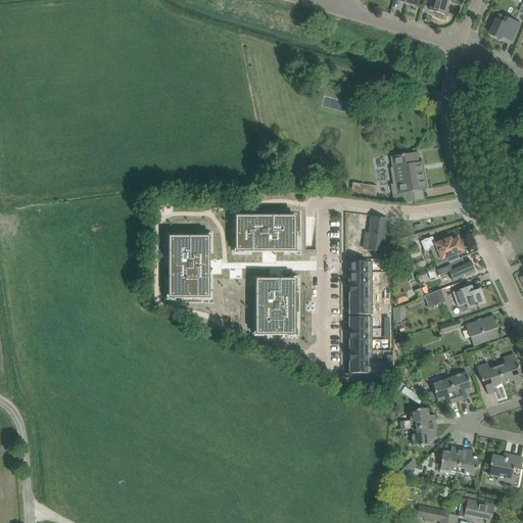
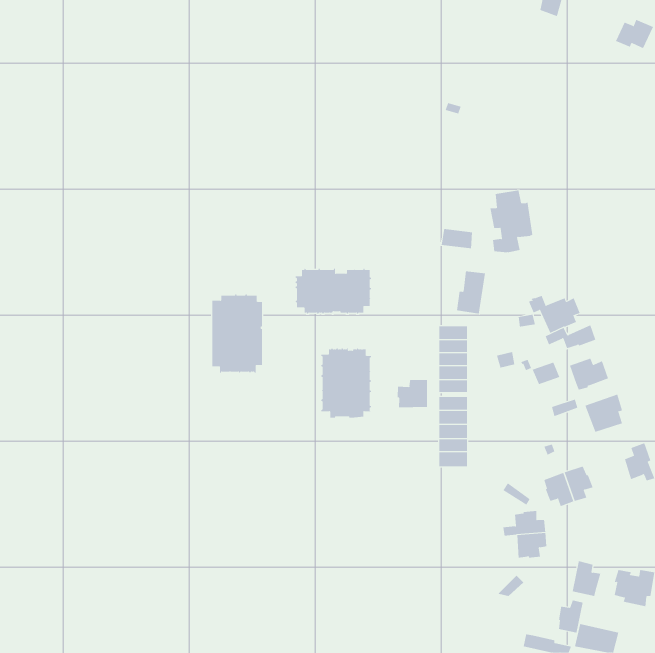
building: none -> [397,379,428,408]
building: [476,362,503,392] -> none
building: [440,444,461,471] -> [558,600,584,633]

